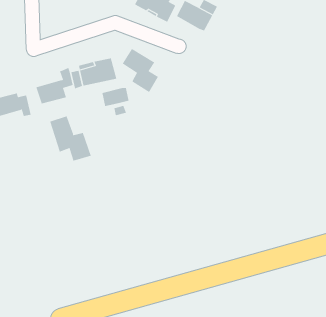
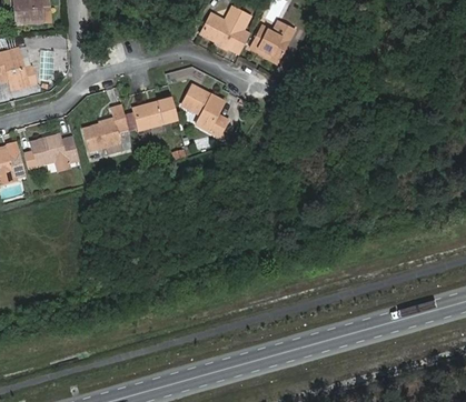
building: [102,87,129,107] -> none
building: [50,115,91,161] -> none

